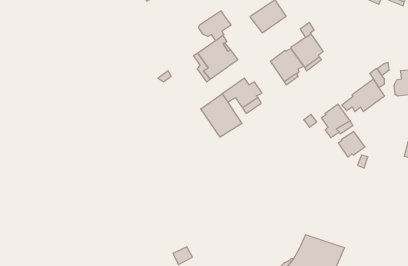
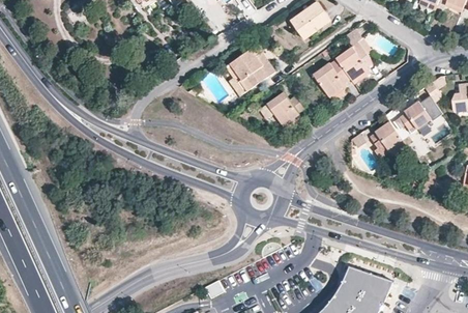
building: [199,11,231,41] -> none
building: [201,94,242,137] -> none
building: [339,131,365,157] -> none

